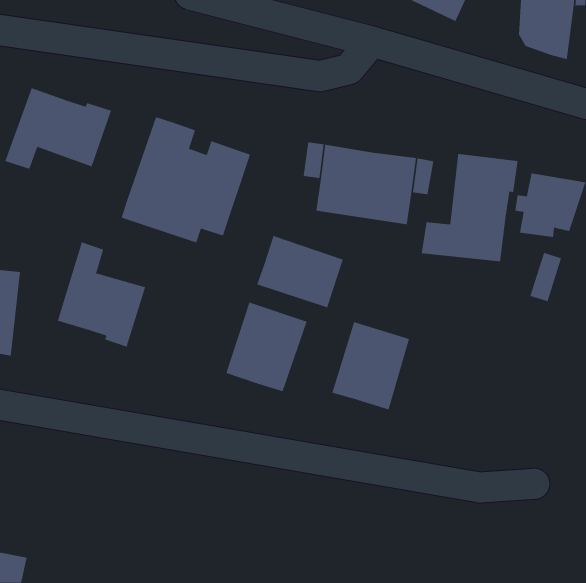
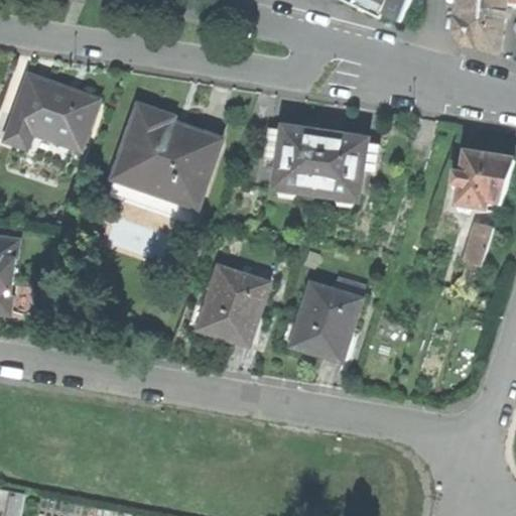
building: [421,153,518,262] -> none
building: [257,235,343,308] -> none
building: [57,242,146,348] -> none

